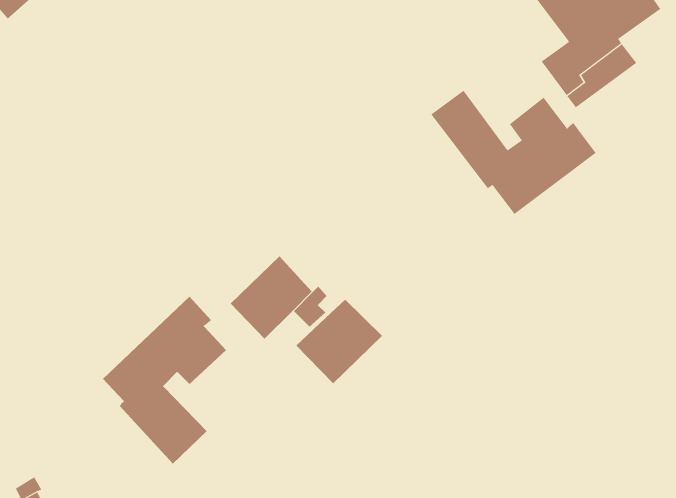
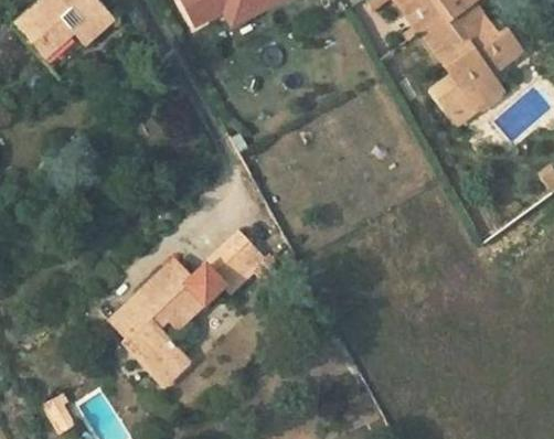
building: [431,90,597,215] -> none
building: [295,299,383,384] -> none

